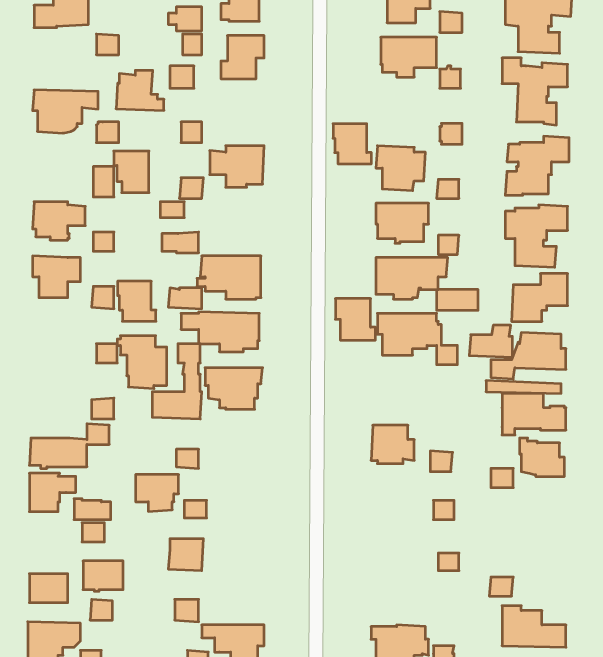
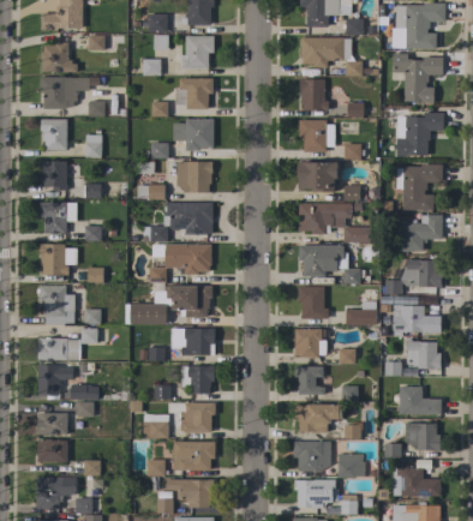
building: [116,70,164,110] -> [41,42,77,72]
building: none -> [175,78,212,108]
building: [333,124,371,164] -> [299,79,328,109]
building: [114,151,149,193] -> [40,119,66,150]
building: none -> [176,161,211,192]
building: [118,281,156,321] -> [40,244,68,274]
building: [335,299,375,340] -> [298,287,328,318]
building: [469,325,512,357] -> [345,301,377,325]
building: [117,336,167,389] -> [37,286,74,325]
building: none -> [181,328,214,355]
building: [136,475,179,511] -> [181,366,214,394]
building: none -> [294,366,324,395]
building: none -> [400,387,441,414]
building: none -> [179,402,215,432]
building: none -> [294,405,342,432]
building: none -> [406,423,439,450]
building: [83,561,123,591] -> [37,413,67,436]
building: none -> [173,442,215,471]
building: none -> [293,442,330,472]
building: none -> [337,454,365,478]

